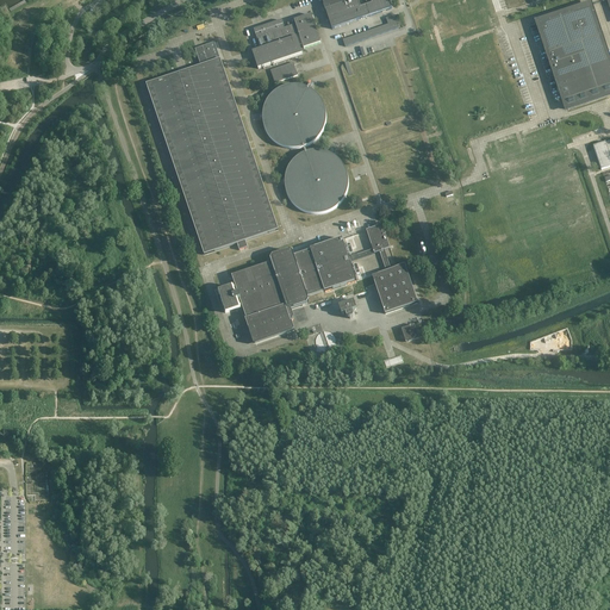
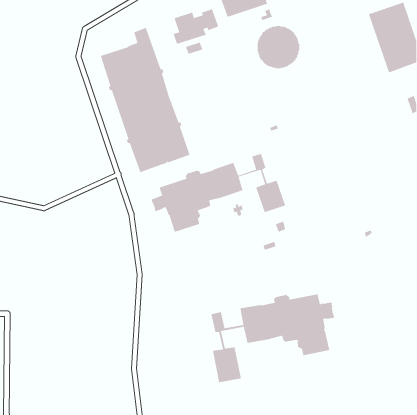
building: [262,82,325,147] -> [257,25,300,69]
building: [284,148,347,211] -> none
building: none -> [211,293,336,383]

